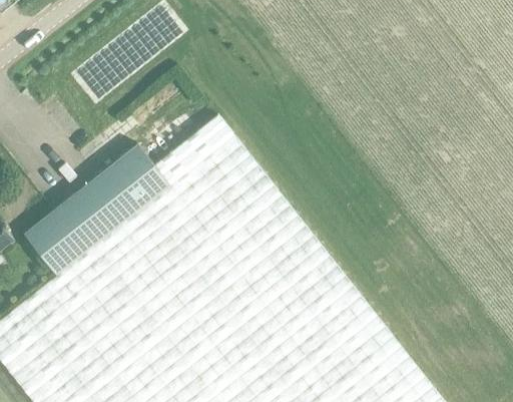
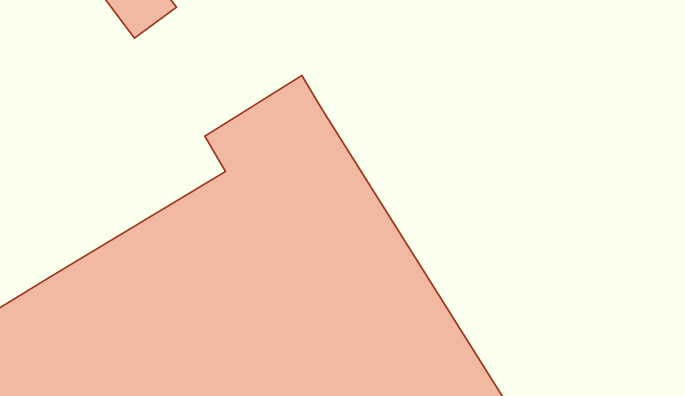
building: [25,144,172,275] -> none

